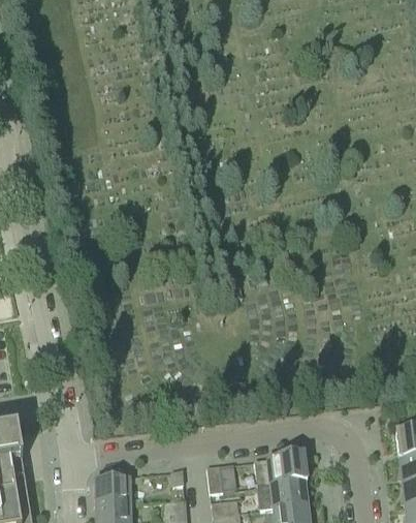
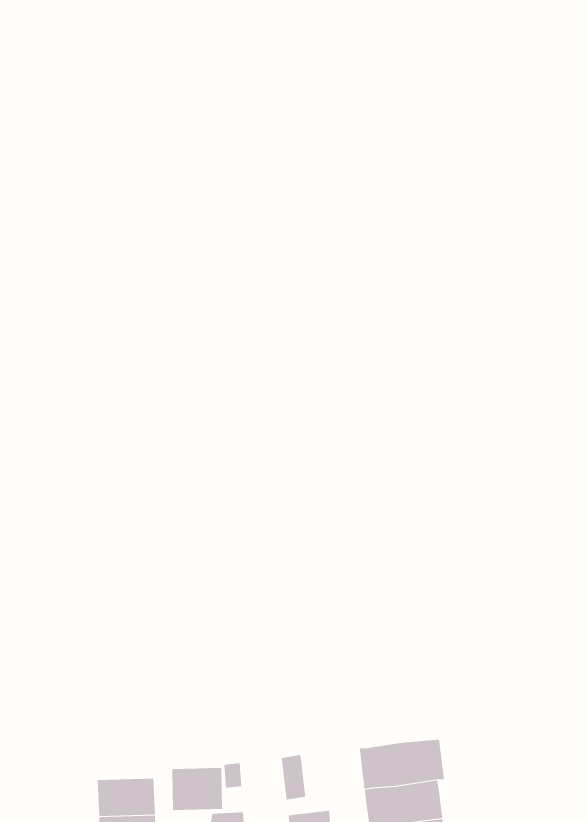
building: none -> [172,767,223,811]

